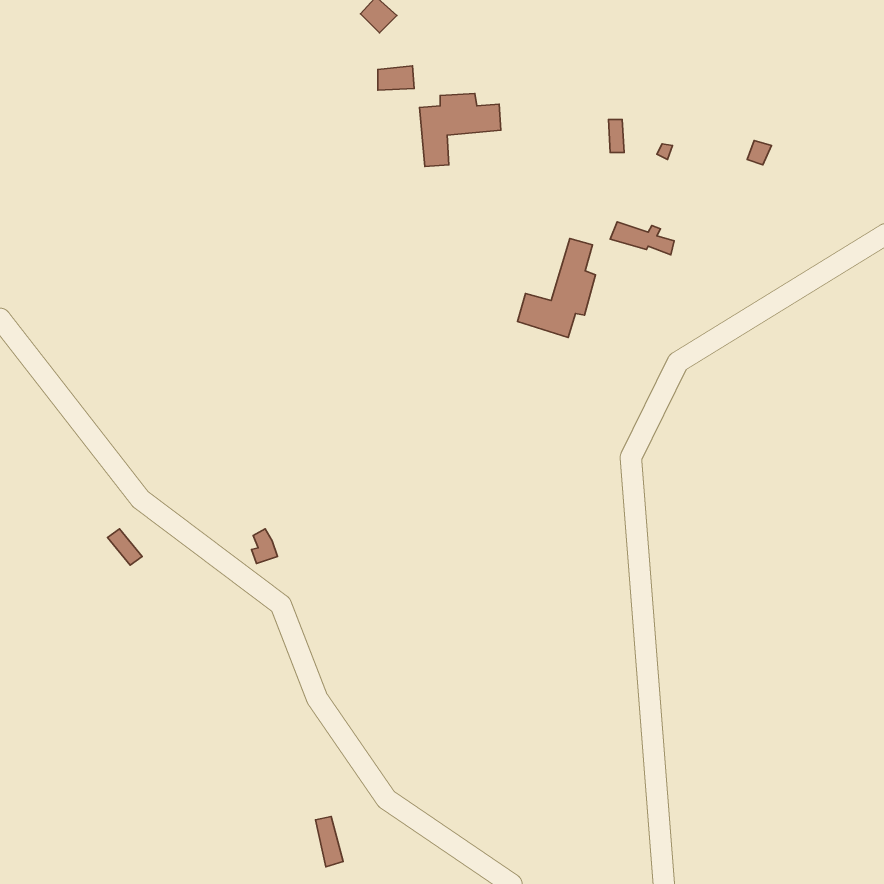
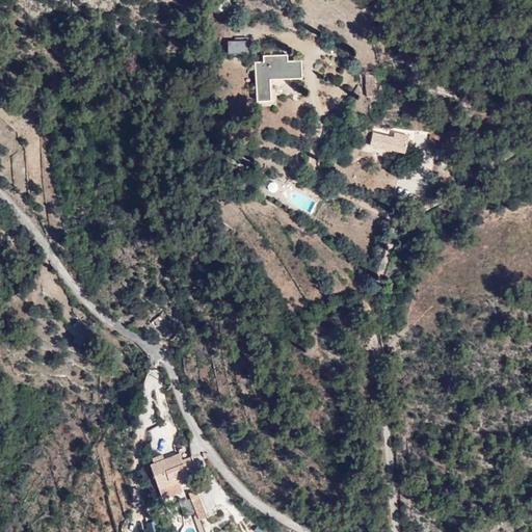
building: [517,239,595,337] -> none
building: none -> [151,452,189,497]

